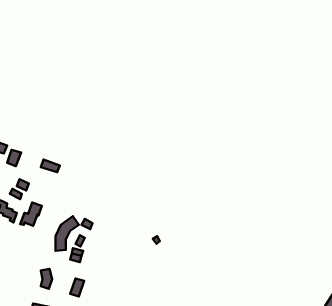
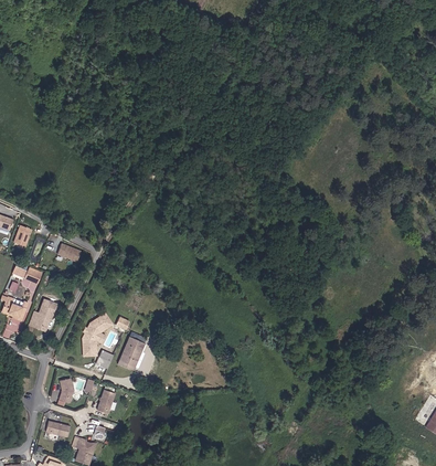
building: none -> [119,340,146,372]

